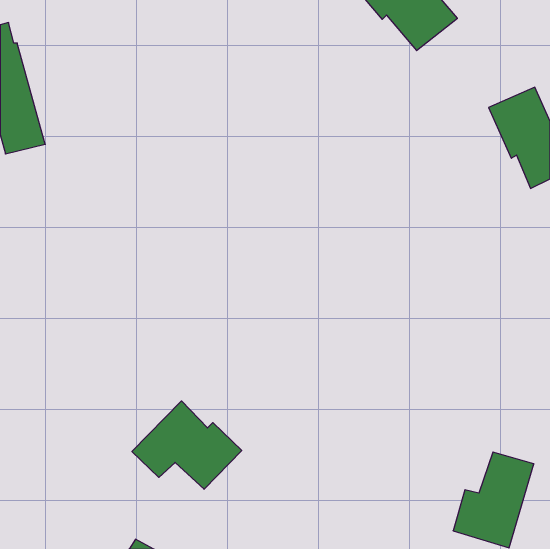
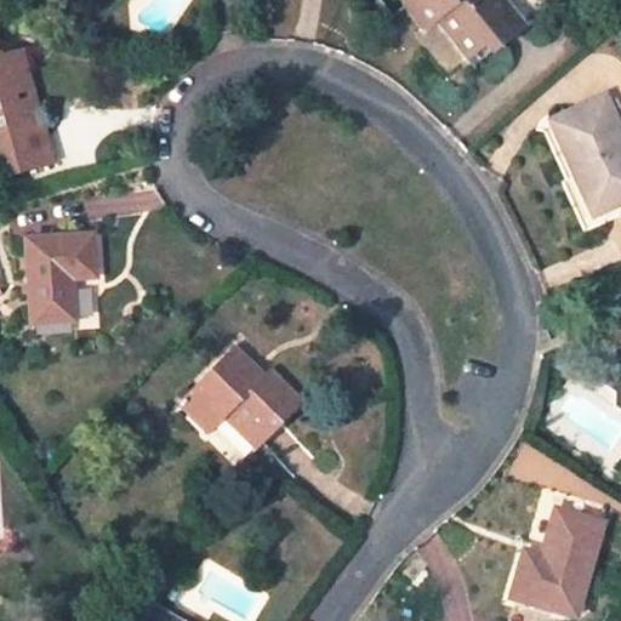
building: none -> [27,237,95,321]
building: [132,401,242,489] -> [177,347,301,446]

